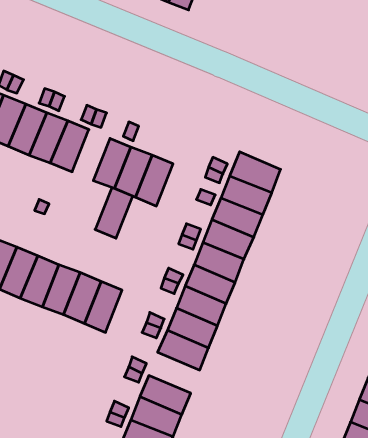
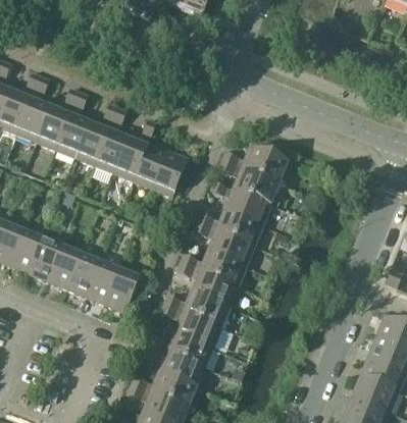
building: [95,187,133,238] -> [95,126,130,173]
building: none -> [165,331,212,369]

